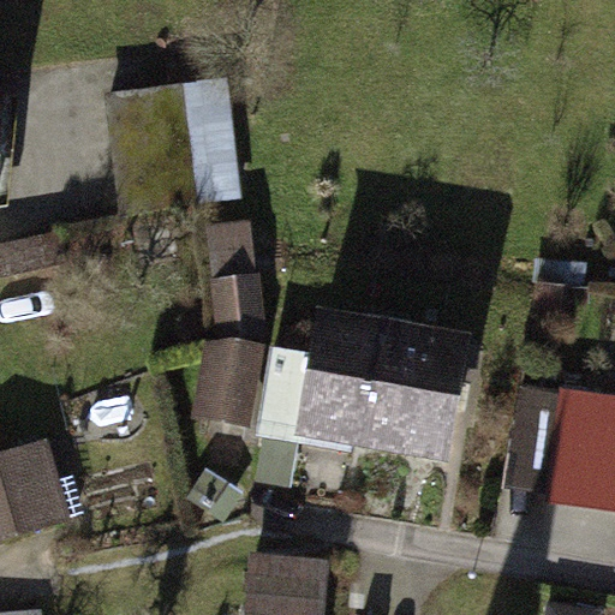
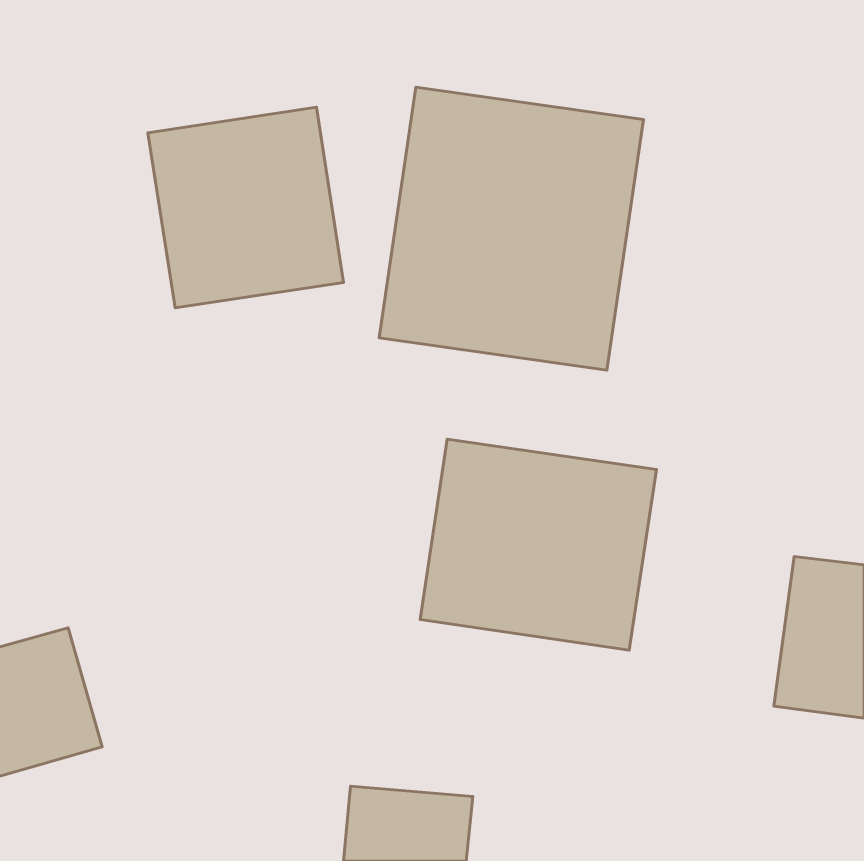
building: none -> [379,87,644,370]
building: [192,221,267,424] -> none

